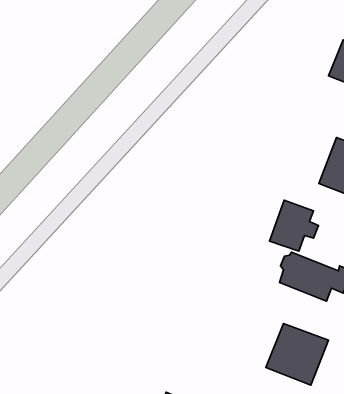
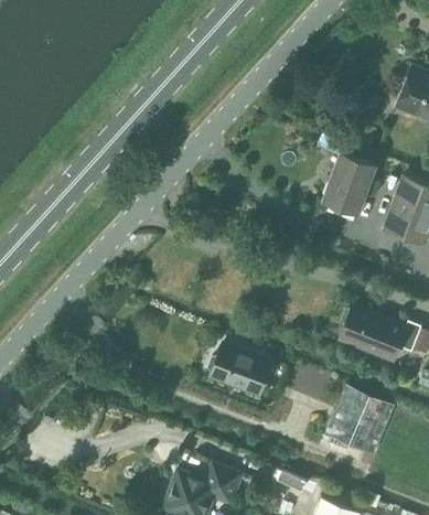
building: [269,200,318,251] -> [325,153,380,211]
building: none -> [208,342,272,394]

